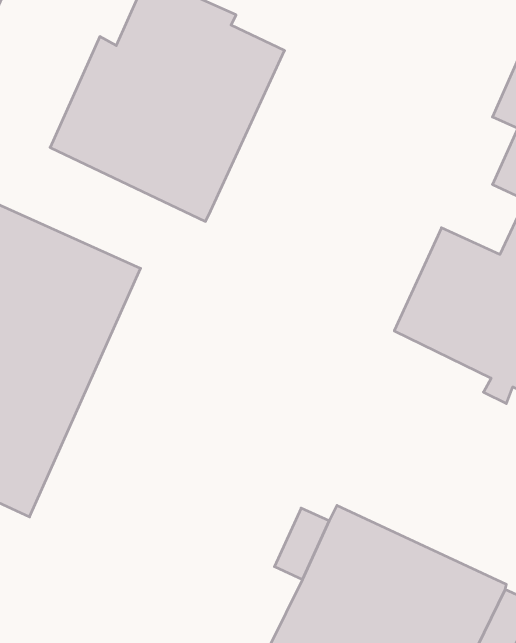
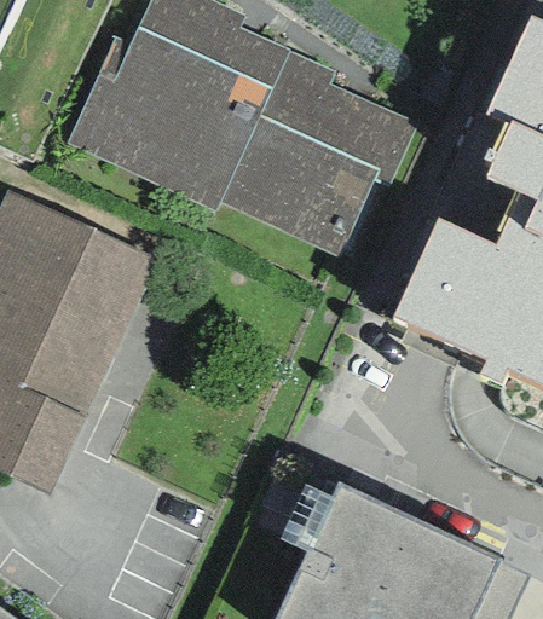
building: none -> [220,51,420,259]

